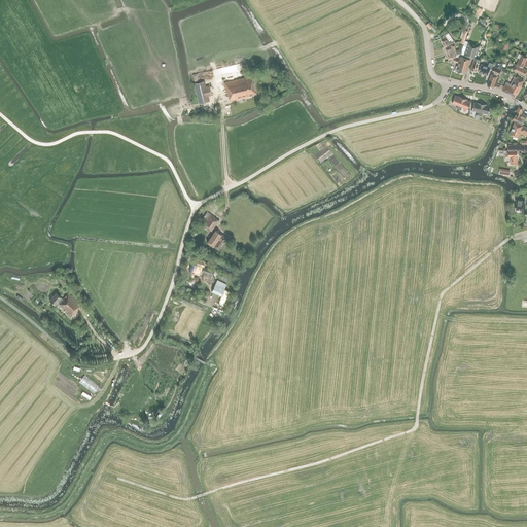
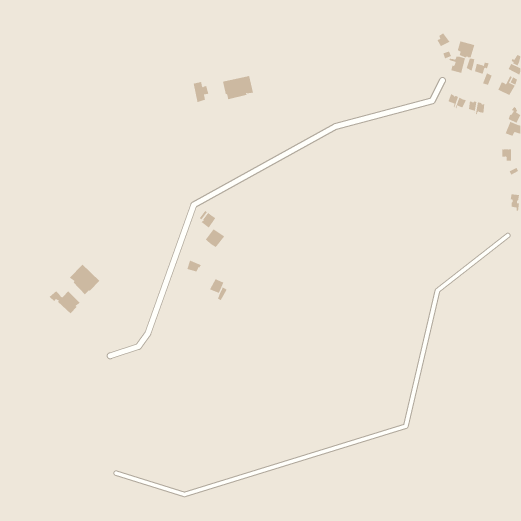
building: none -> [69,264,100,295]

